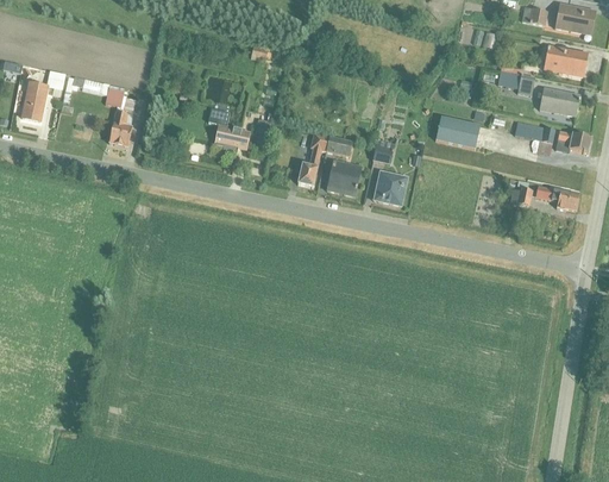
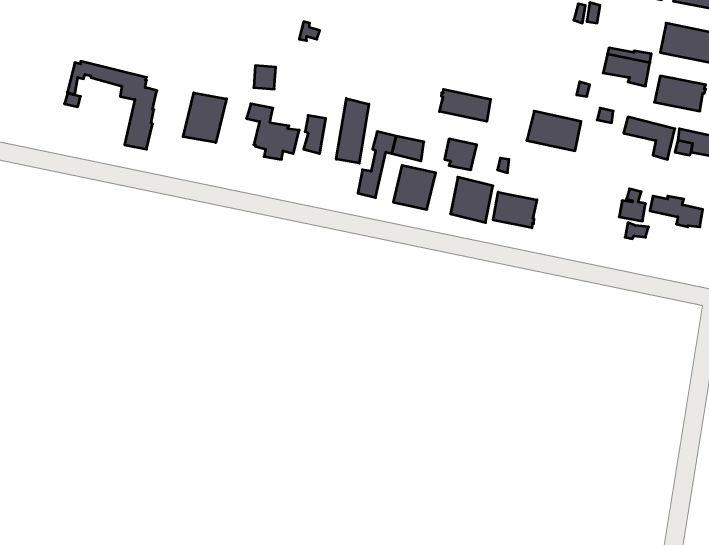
building: [23,69,65,121] -> none
building: none -> [439,89,491,121]
building: none -> [183,93,227,143]
building: none -> [336,98,369,163]
building: none -> [493,192,537,228]

